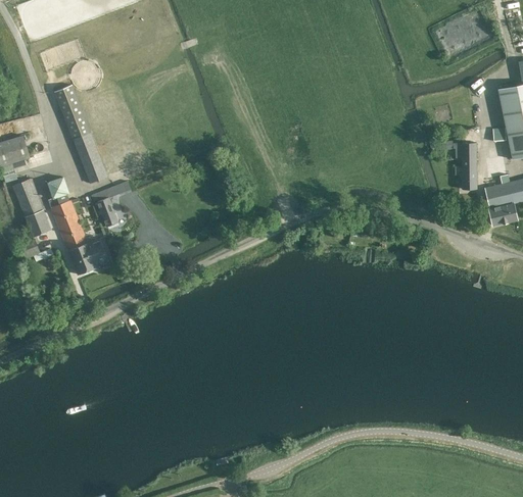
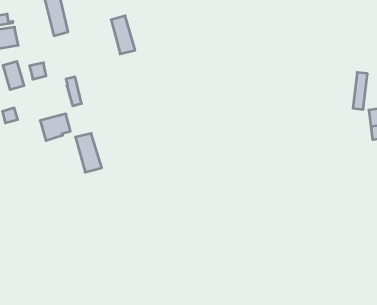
building: [74,134,108,183] -> [111,16,135,54]
building: [51,200,89,250] -> [75,133,102,172]
building: [26,208,51,236] -> none

